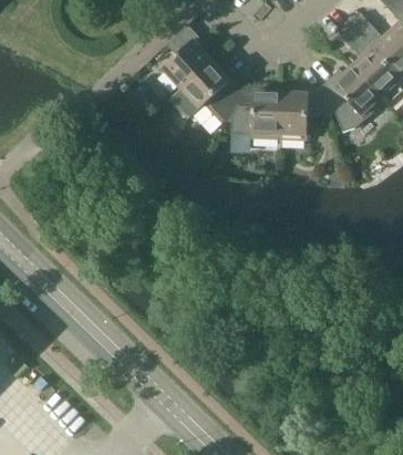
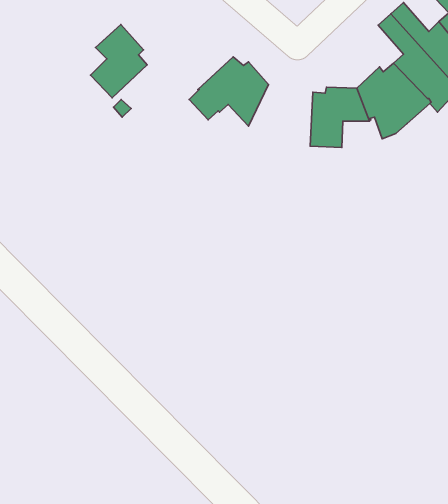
building: [163,24,213,89] -> [91,25,147,98]
building: [226,84,282,138] -> none

